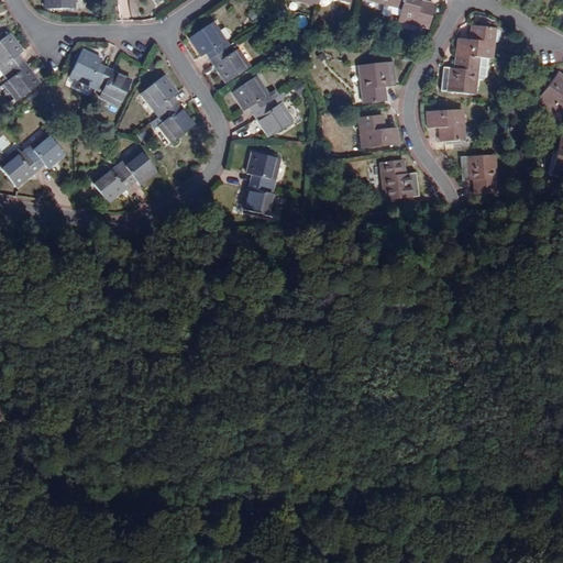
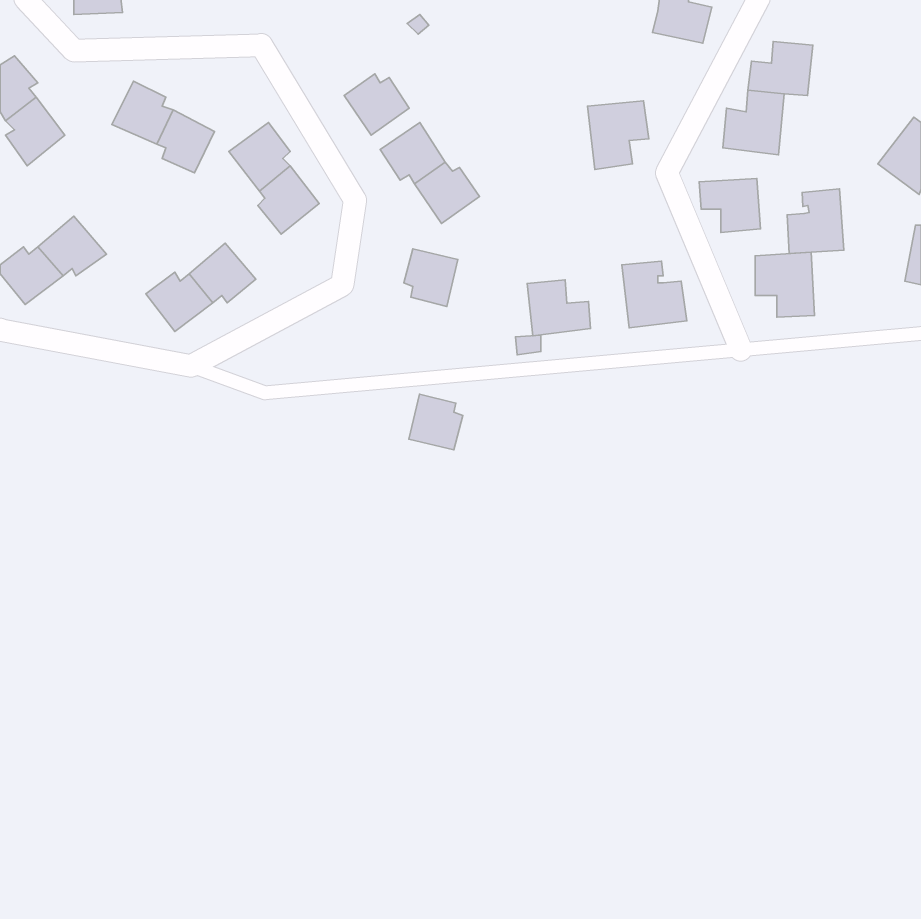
building: [189,21,229,58] -> none
building: [358,114,397,148] -> [527,280,590,336]
building: none -> [787,189,844,254]
building: [244,181,277,216] -> [409,394,463,450]

